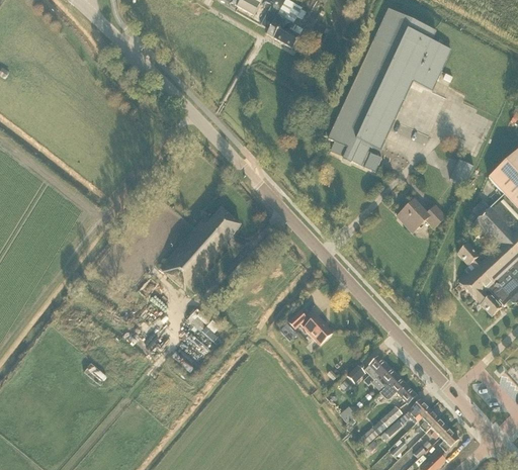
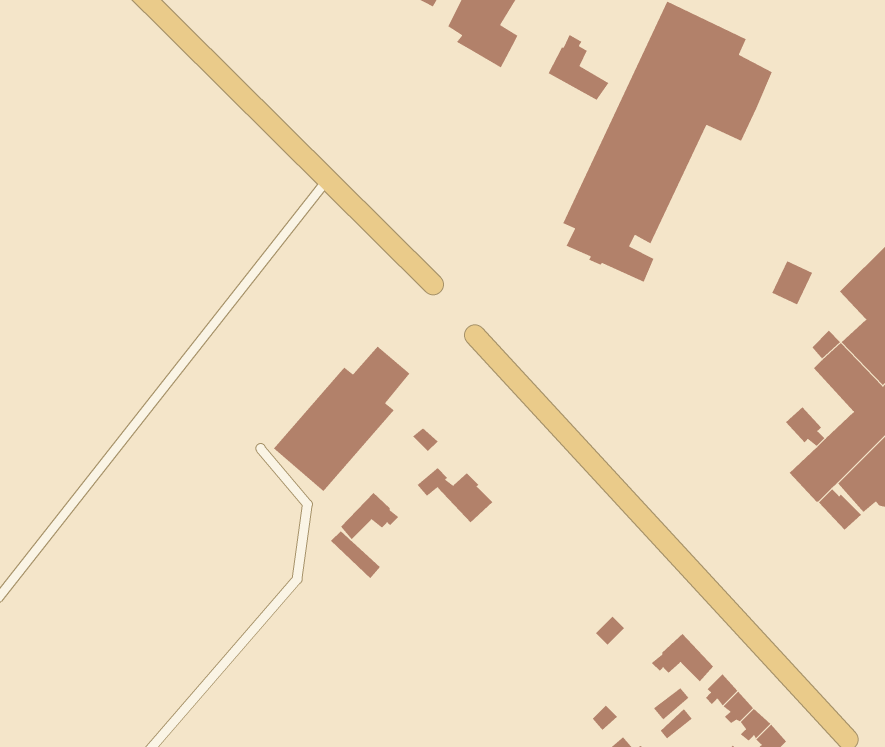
building: none -> [547,34,610,101]
building: [397,199,446,230] -> none
building: none -> [340,492,399,540]
building: [288,311,333,344] -> [416,467,493,523]
building: [364,356,398,387] -> none

